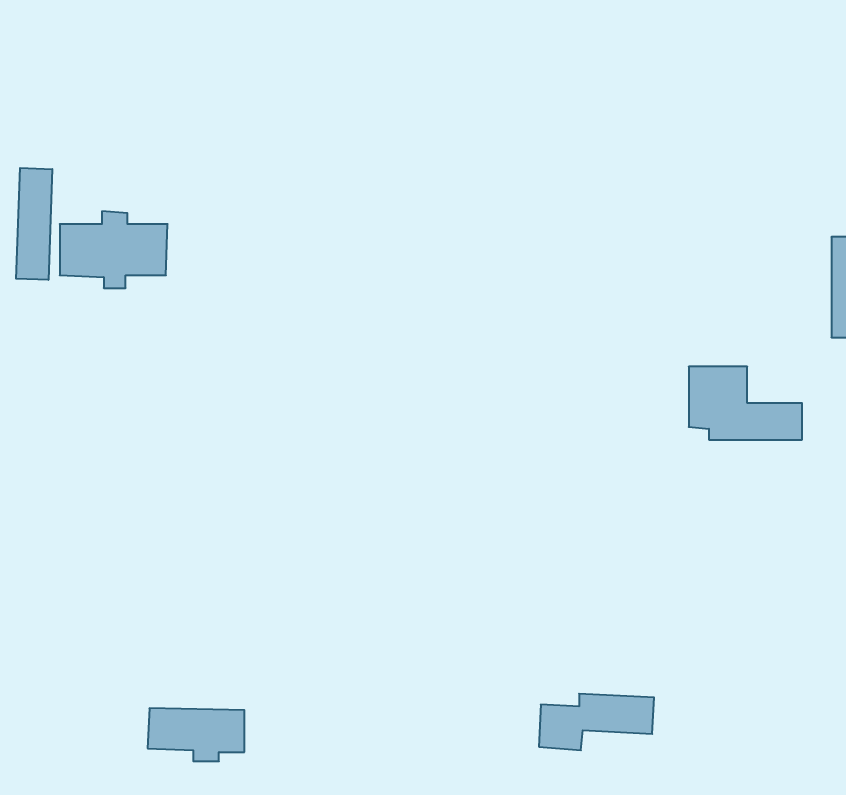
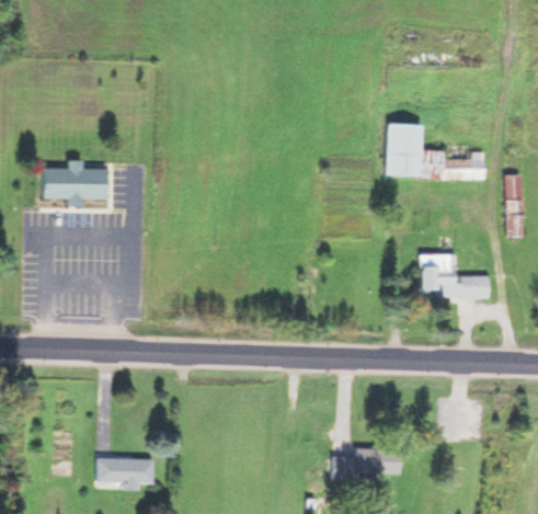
building: none -> [387,123,485,180]
building: [16,168,52,280] -> none

